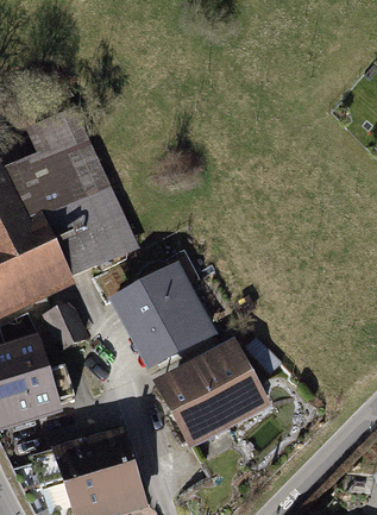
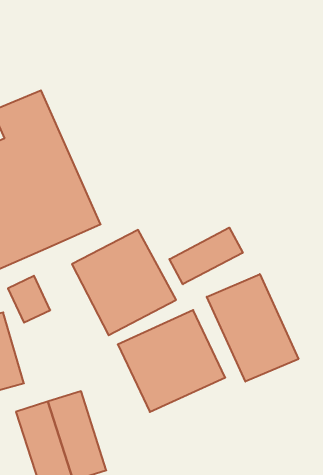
building: none -> [169,228,243,284]
building: none -> [207,274,298,382]

